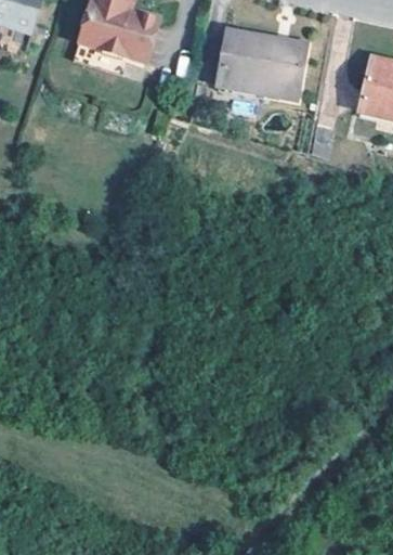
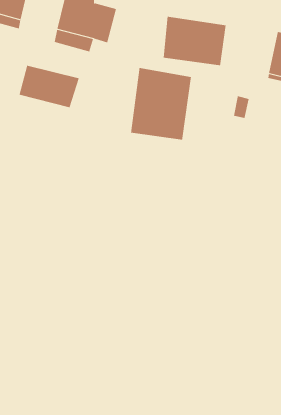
building: none -> [19,65,79,108]
building: none -> [131,67,191,141]

